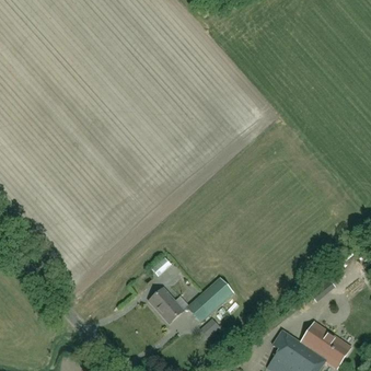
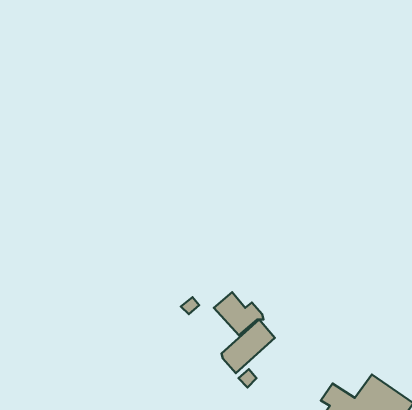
building: [148,287,189,323] -> [214,292,264,335]

